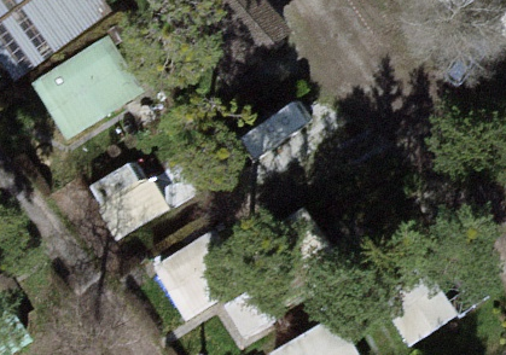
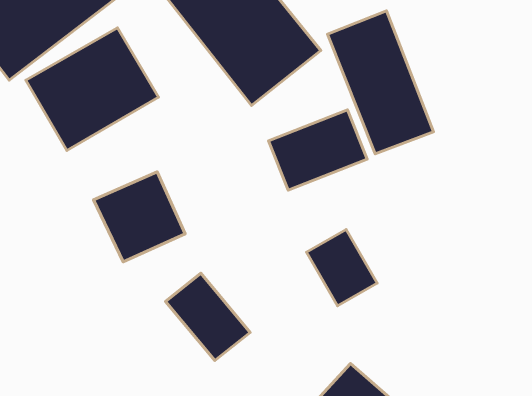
building: none -> [327,11,434,154]

